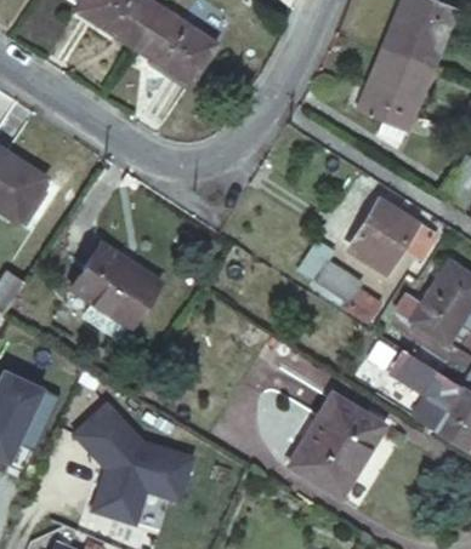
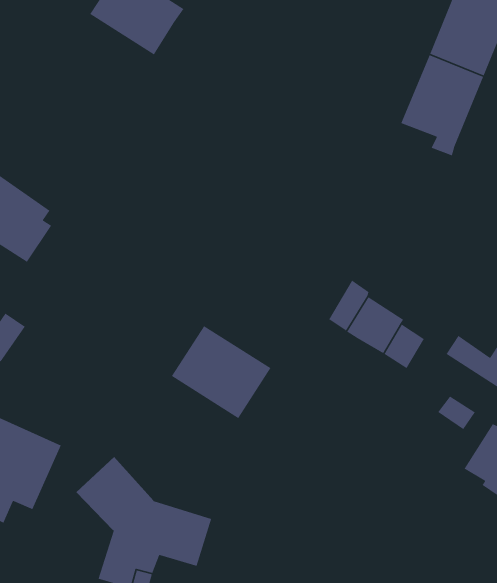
building: [140,8,223,87] -> none
building: [350,205,427,270] -> none
building: [74,250,163,332] -> [171,325,272,419]
building: [288,395,382,497] -> none

